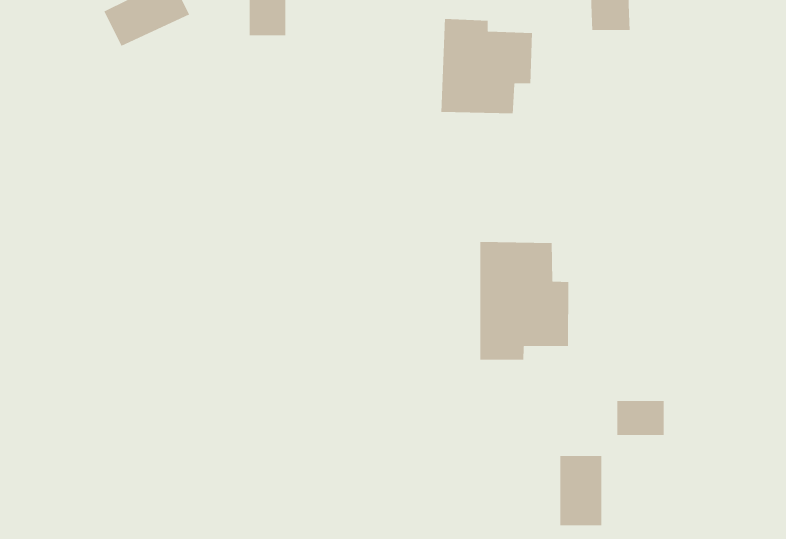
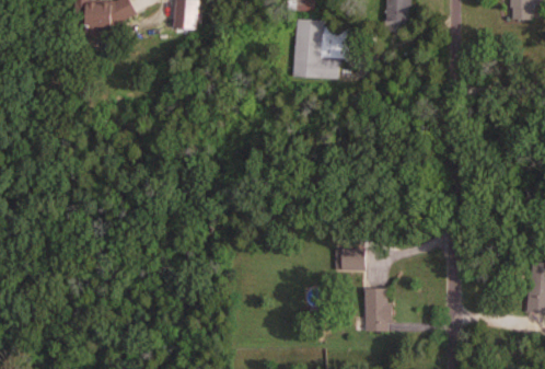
building: [479,241,569,361] -> none
building: [616,400,664,436] -> [337,249,367,270]

